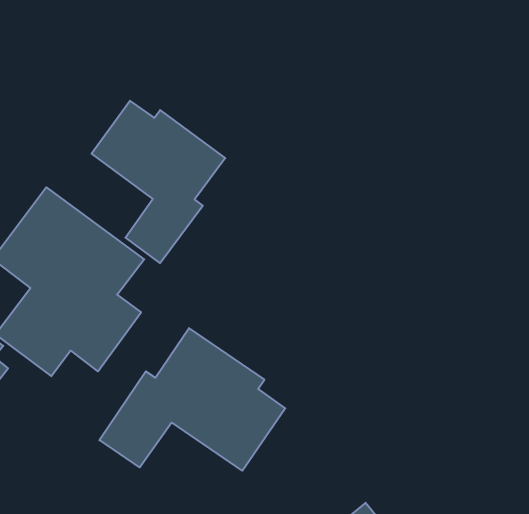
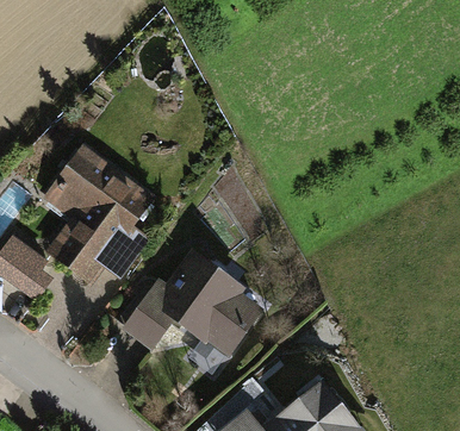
building: [92,101,225,263] -> none

